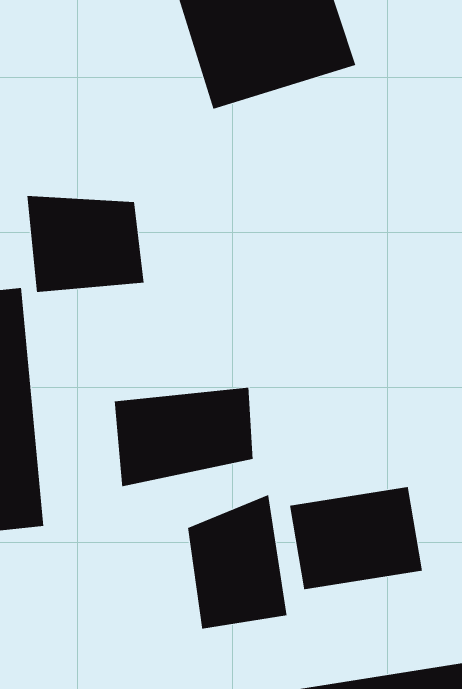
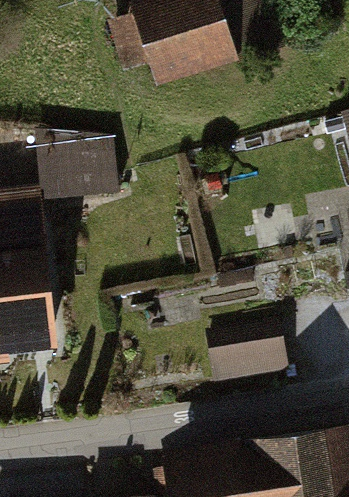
building: [114,387,253,487] -> none
building: [187,494,287,629] -> none

